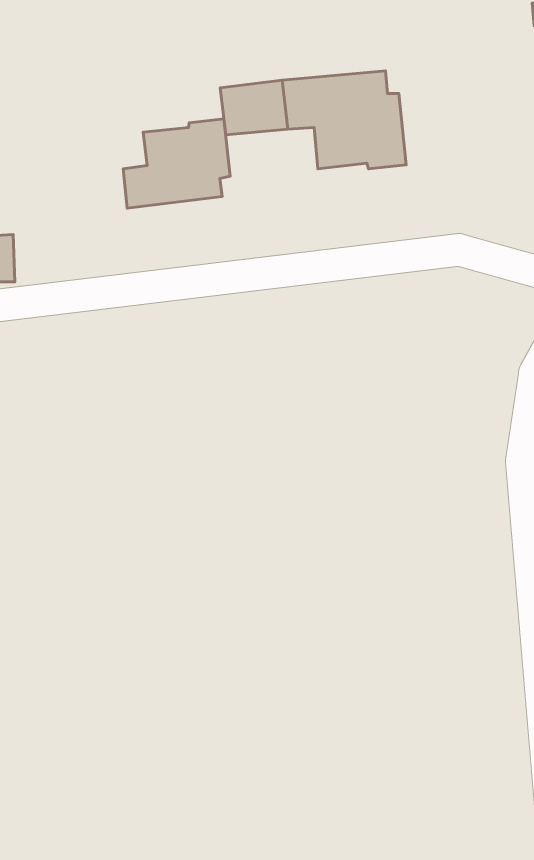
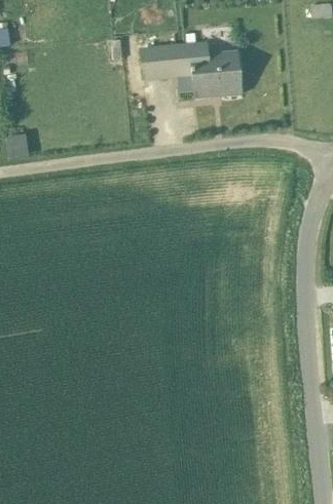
building: [123,119,230,208] -> none

